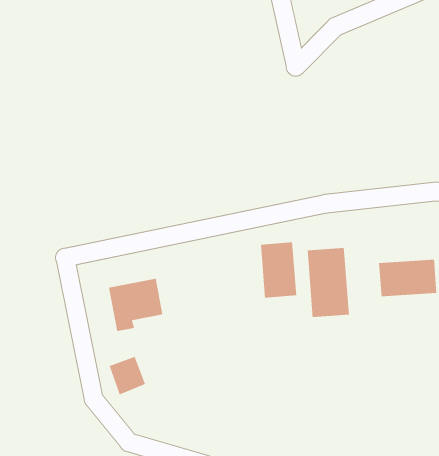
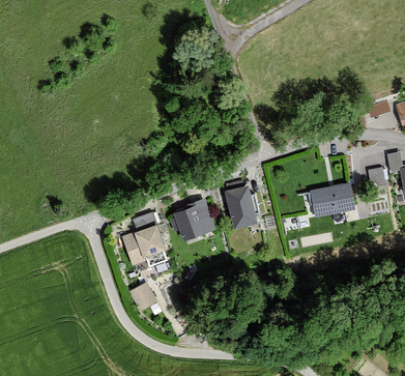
building: [307,247,350,318] -> none
building: none -> [173,201,214,239]

